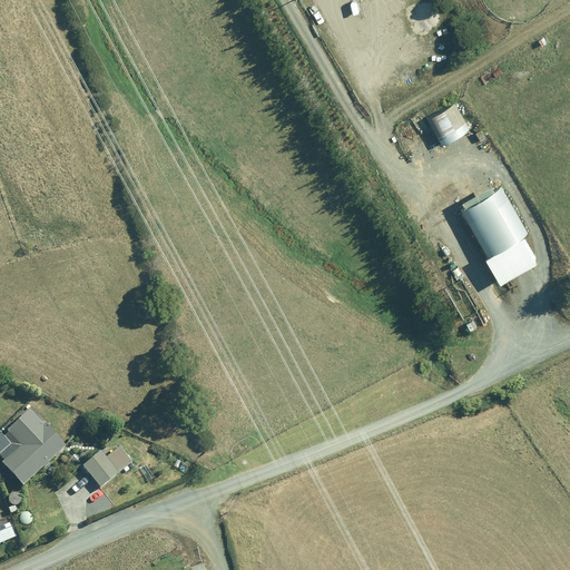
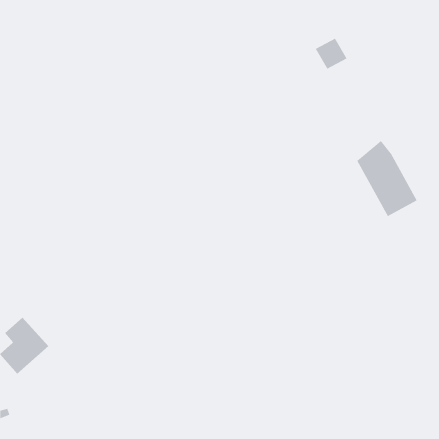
building: [426,102,469,144] -> [315,38,347,70]
building: [82,446,130,487] -> none

